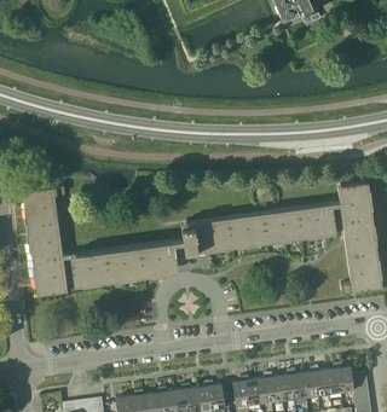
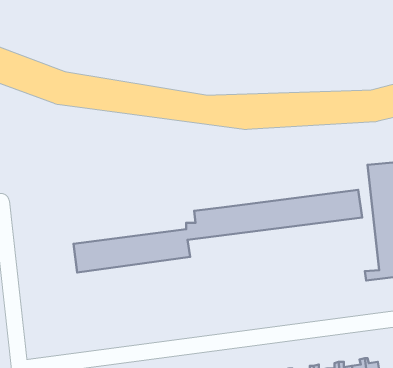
building: [24,187,65,297] -> none

